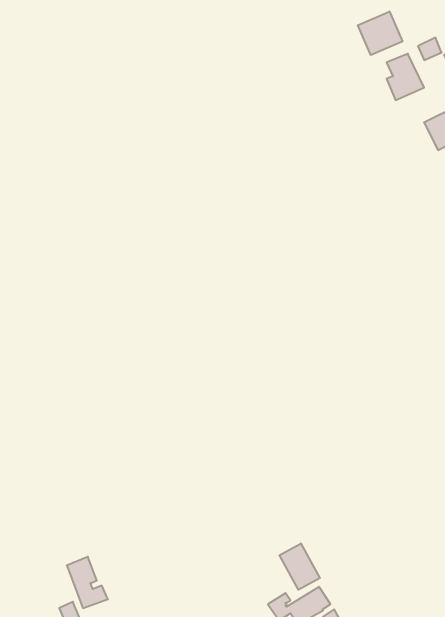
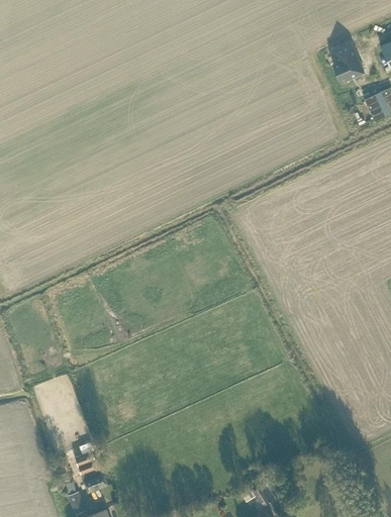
building: [358,11,402,55] -> none
building: [279,543,320,590] -> none

